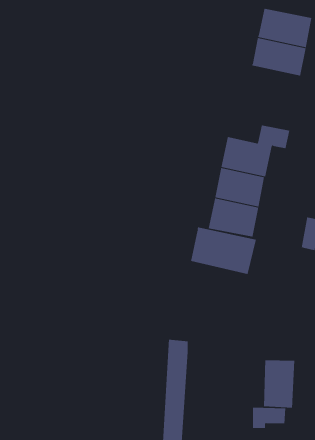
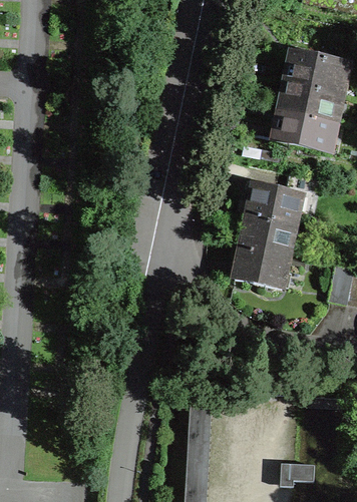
building: none -> [273,110,330,151]
building: [191,226,256,275] -> none
building: [264,360,295,408] -> none

